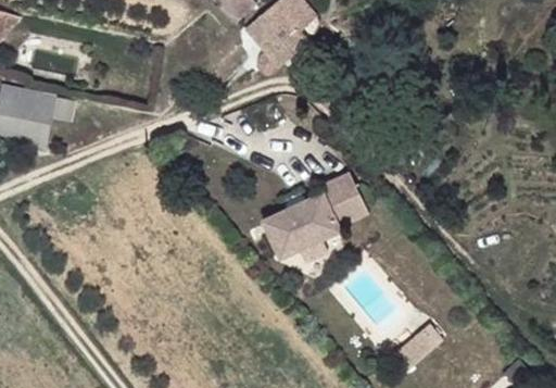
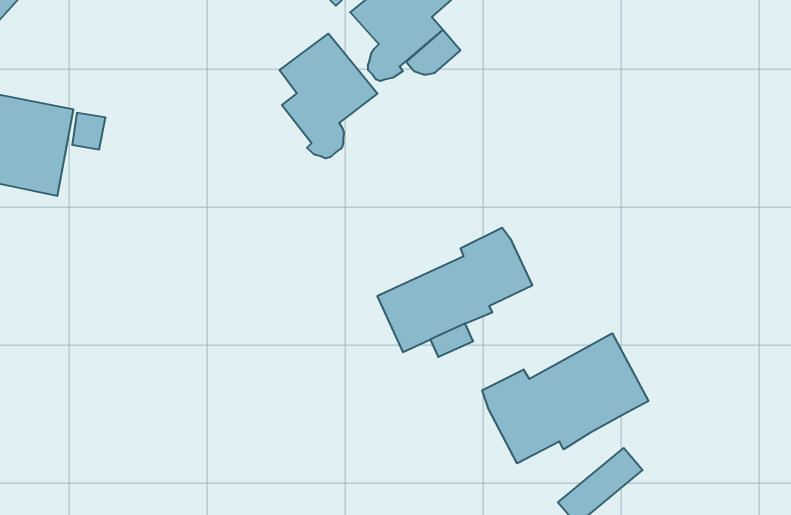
building: none -> [280,34,378,158]
building: none -> [482,333,648,463]

